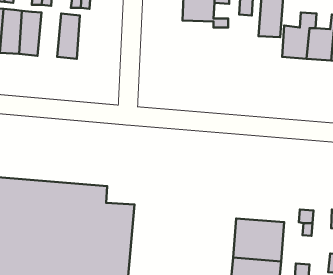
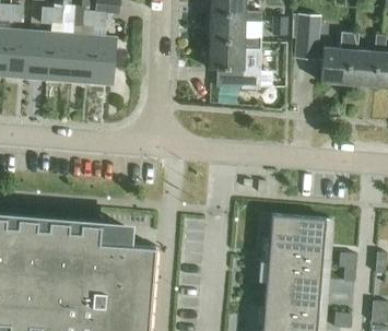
building: none -> [46,32,72,81]
building: none -> [90,35,115,84]
building: none -> [208,40,259,88]
building: none -> [268,217,325,265]

